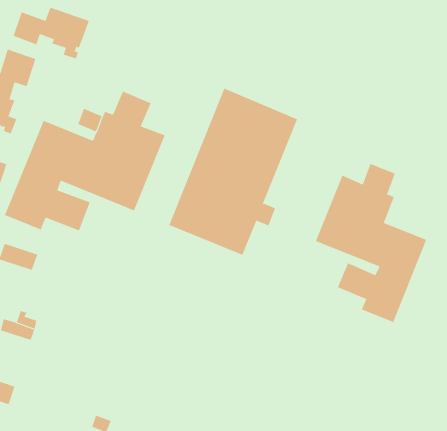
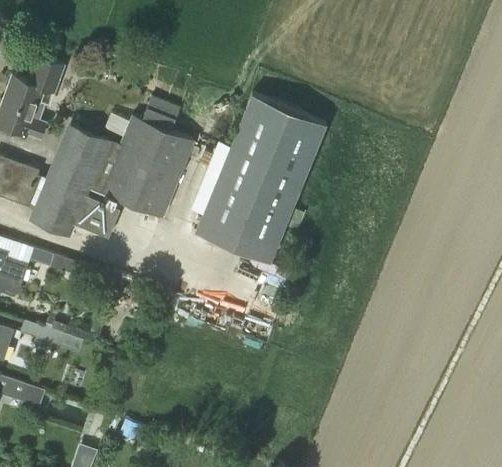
building: [13,7,89,59] -> none
building: [315,163,427,323] -> none

